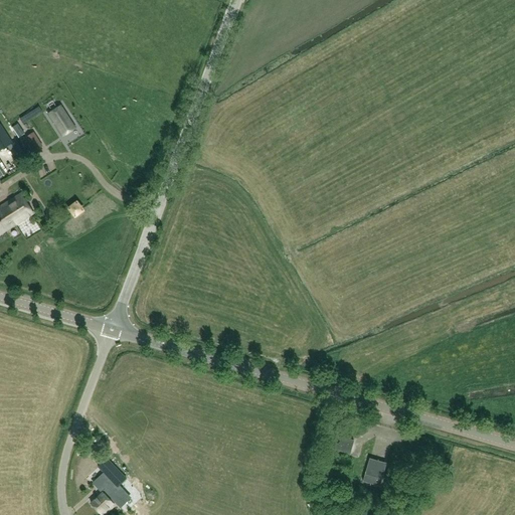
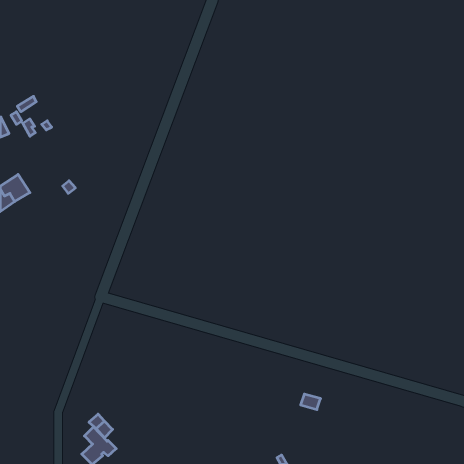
building: [49,105,75,135] -> none
building: [364,460,386,487] -> none

